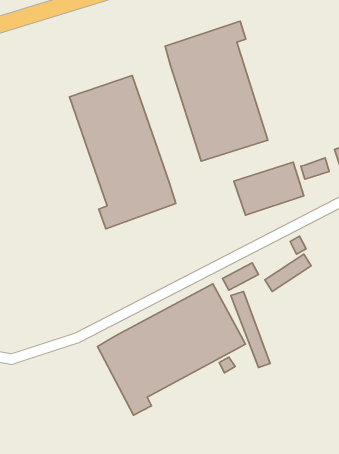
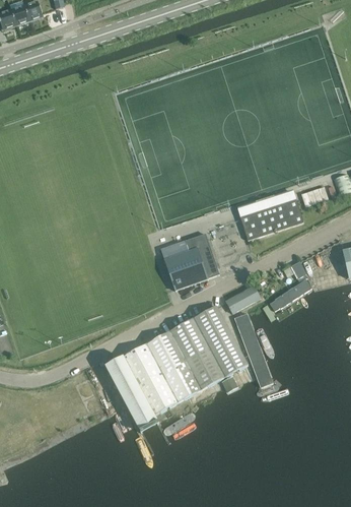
building: [165,21,268,161] -> none
building: [70,76,176,229] -> none
building: none -> [164,233,219,290]

